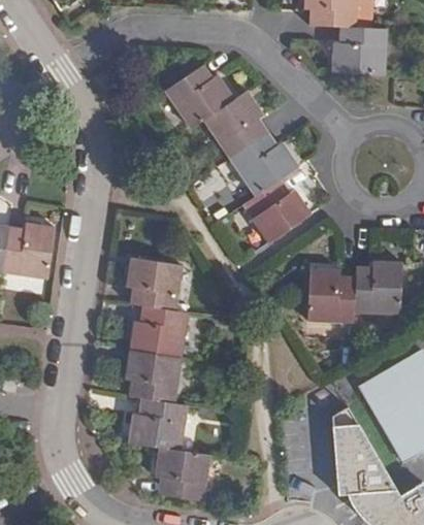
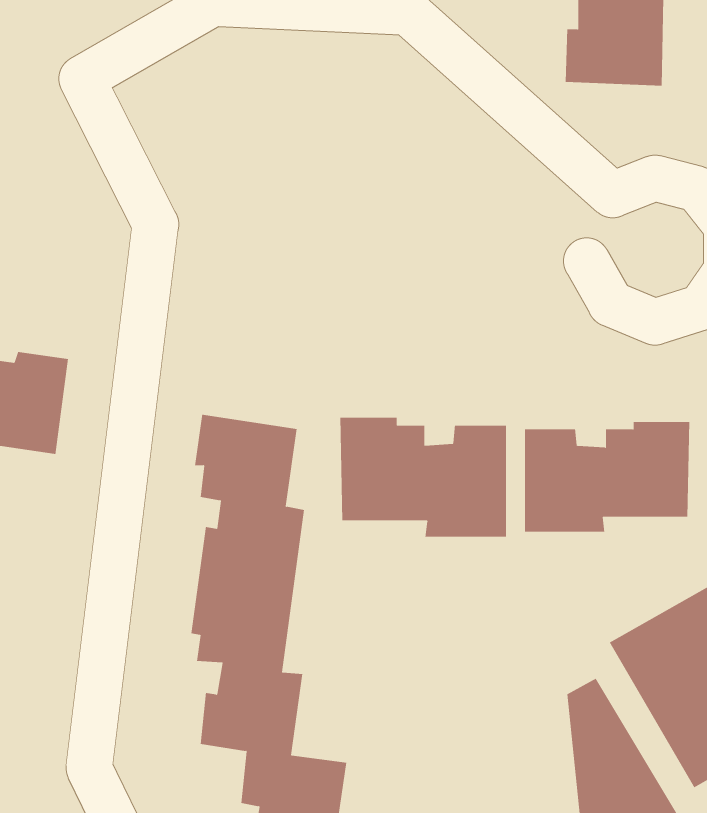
building: [164,65,314,243] -> none
building: none -> [340,417,506,537]

